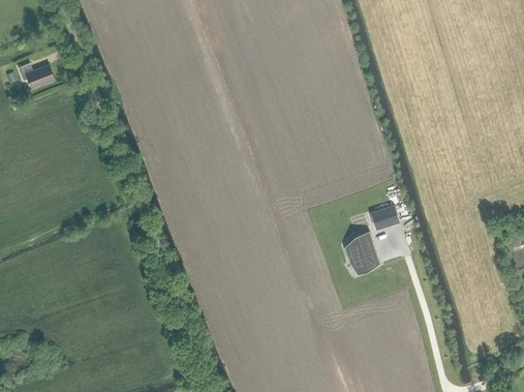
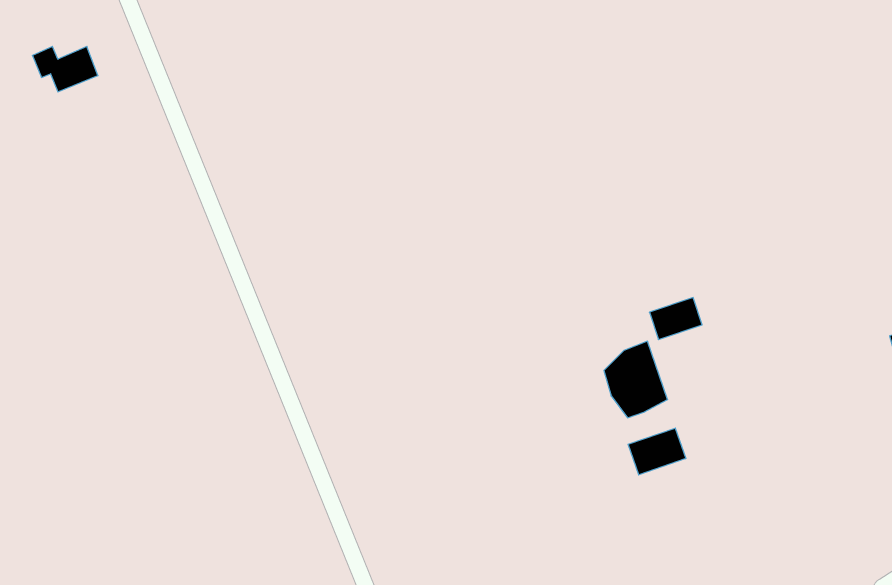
building: none -> [628,428,686,475]

